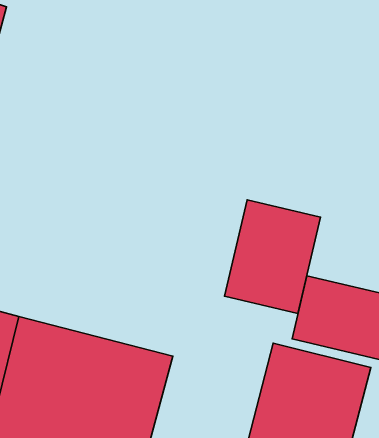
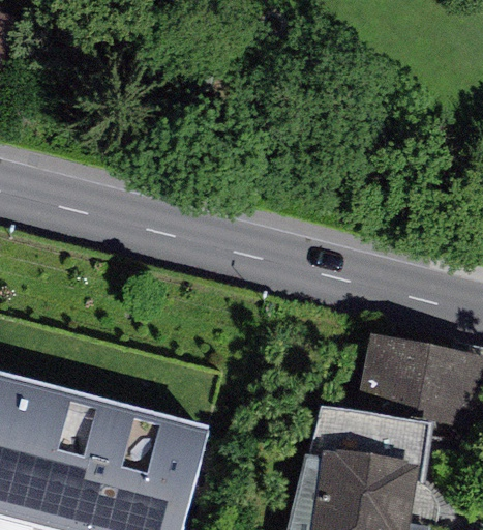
building: [225,200,321,313] -> none

